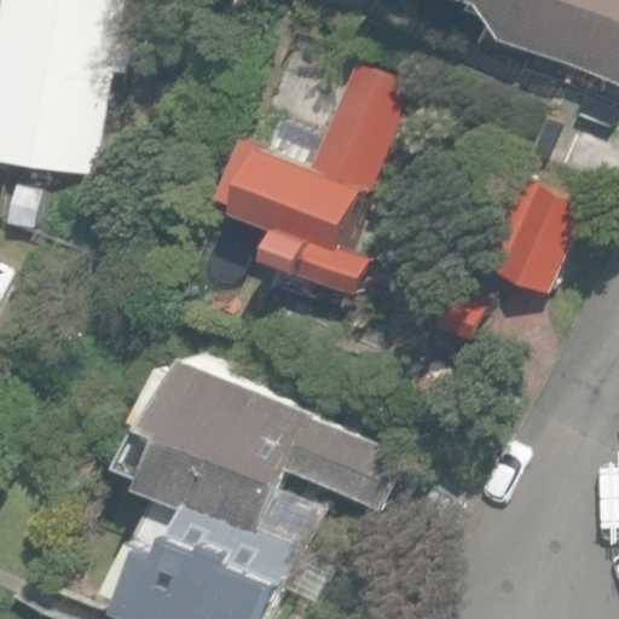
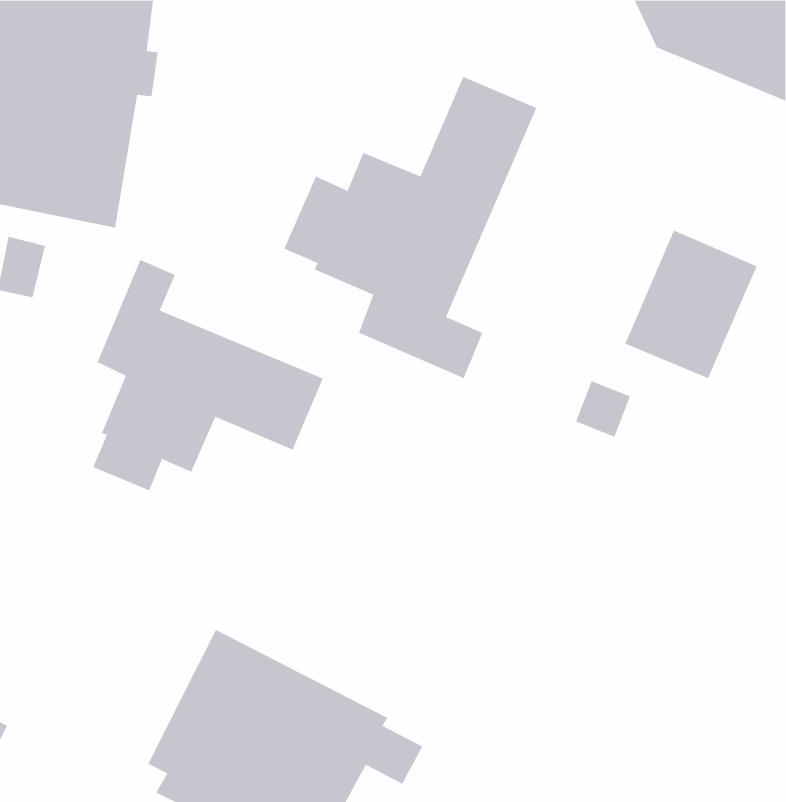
building: none -> [93,259,324,491]
building: [125,352,403,554] -> none

